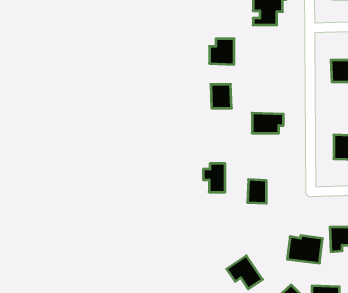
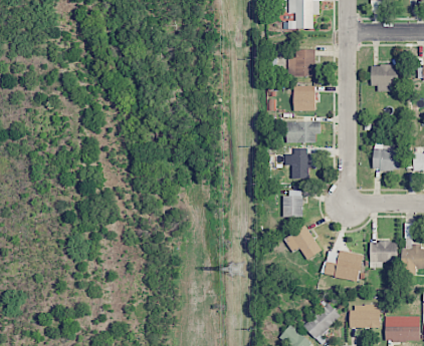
building: [209,39,234,64] -> [288,49,314,76]
building: [211,84,232,108] -> [293,85,315,110]
building: [203,164,225,192] -> [286,147,309,178]
building: [227,256,263,289] -> [284,225,323,260]

